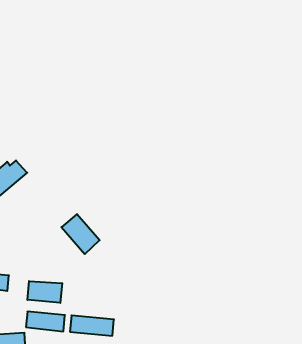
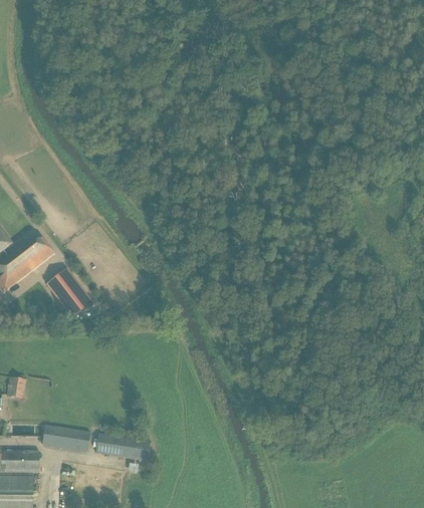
building: [61,214,100,254] -> [45,268,91,318]
building: [27,281,62,303] -> none

